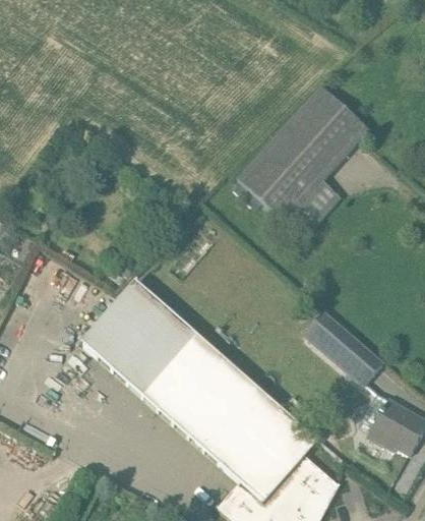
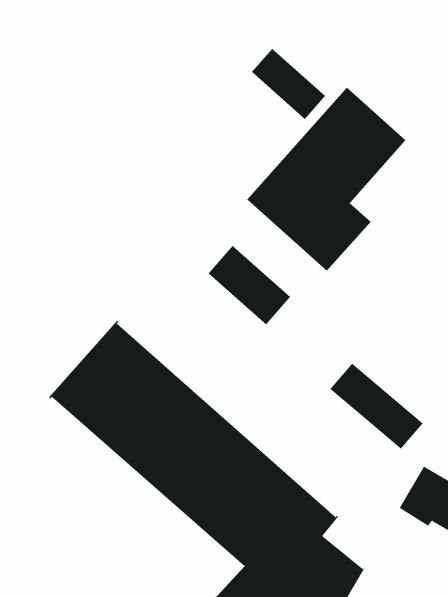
building: none -> [251,48,326,120]
building: none -> [208,245,291,325]

